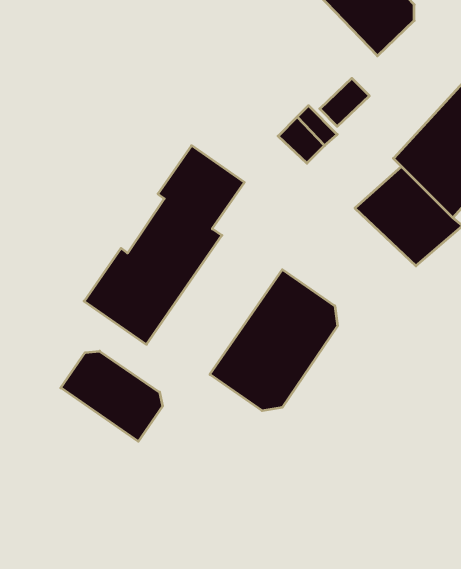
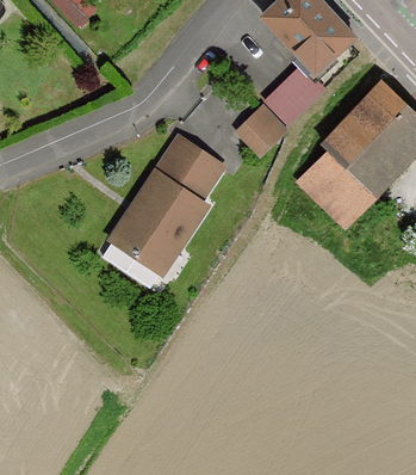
building: [210,270,338,411] -> none
building: [61,351,163,441] -> none

